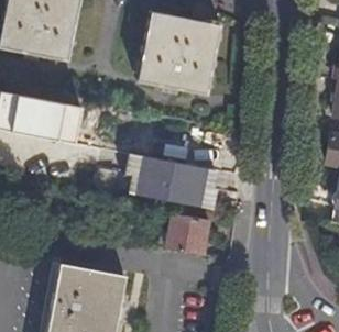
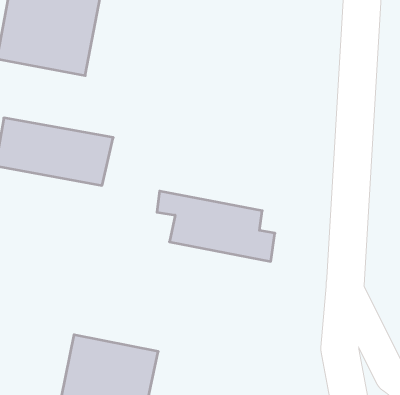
building: [139,13,221,96] -> none
building: [166,212,209,255] -> none

